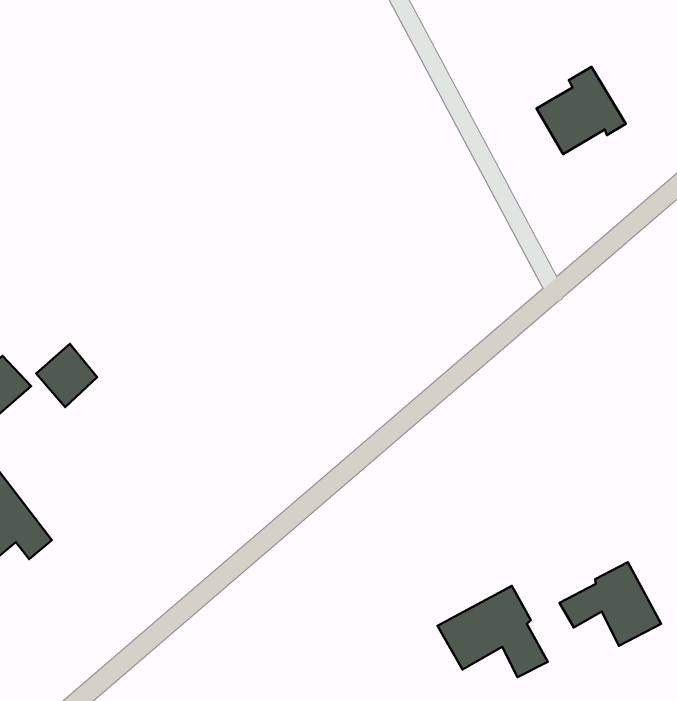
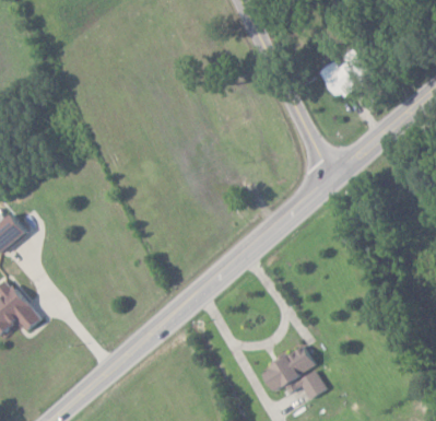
building: [36,344,97,407] -> none
building: [560,562,661,646] -> none

